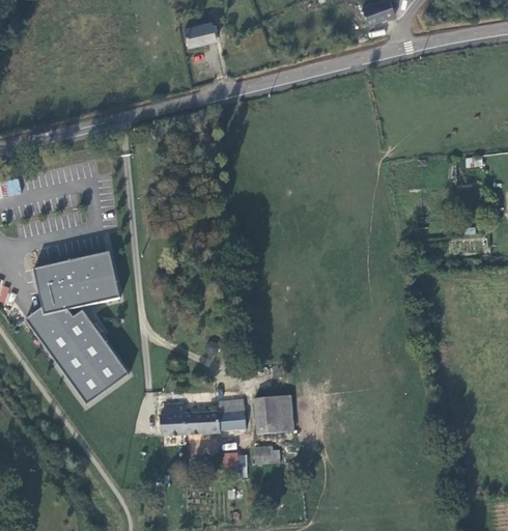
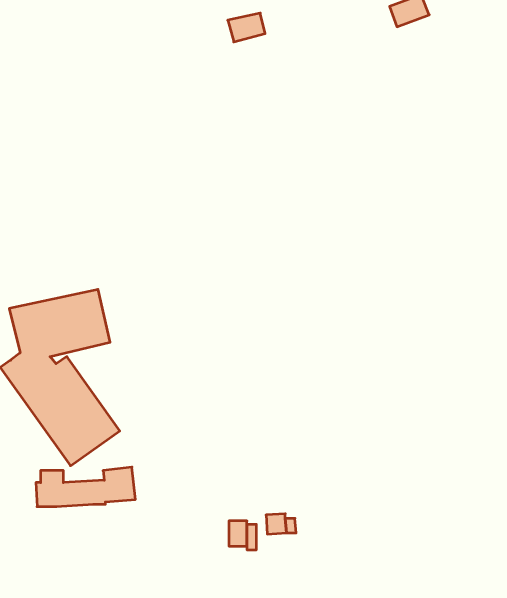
building: [185,21,217,46] -> [228,13,265,42]
building: [255,394,294,432] -> none
building: [161,399,247,434] -> [36,467,135,507]

